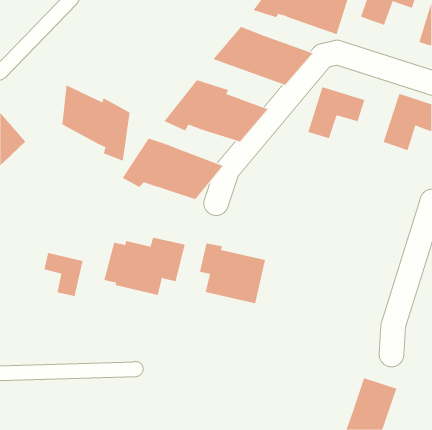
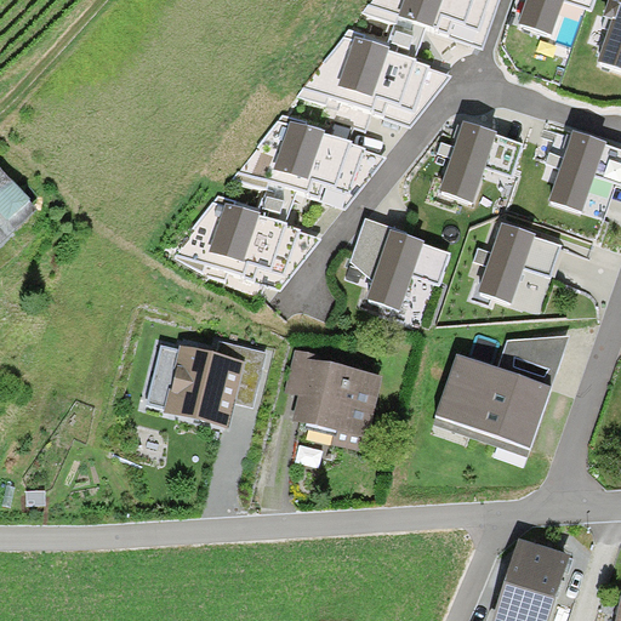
building: [62,84,130,161] -> none
building: none -> [349,216,450,310]
building: none -> [474,222,563,313]
building: none -> [434,335,568,446]
building: [44,252,83,297] -> none

